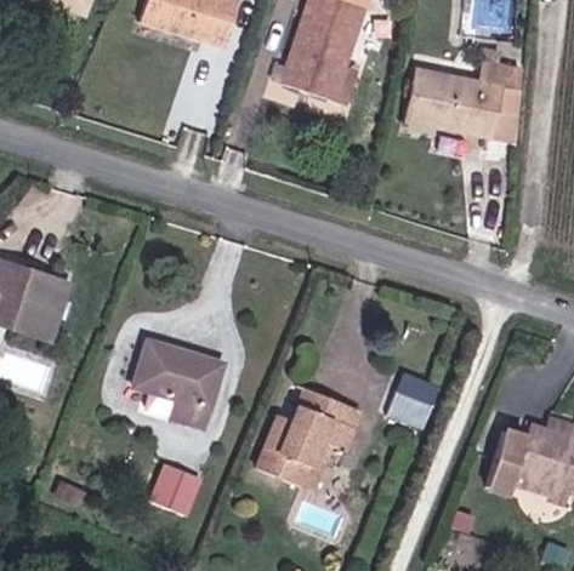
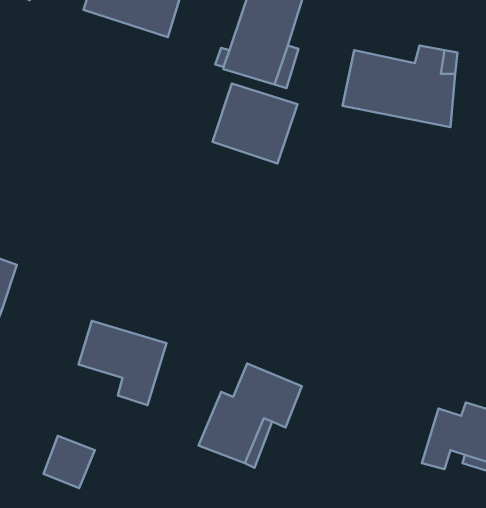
building: none -> [212,84,298,163]
building: [388,372,441,426] -> none
building: [150,463,203,516] -> [44,436,95,488]

